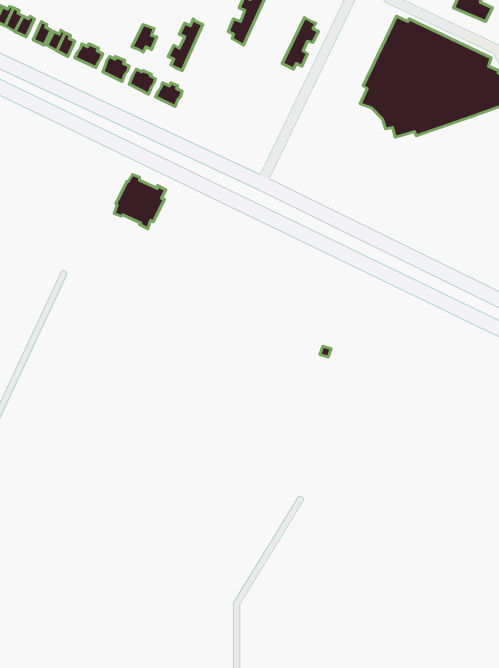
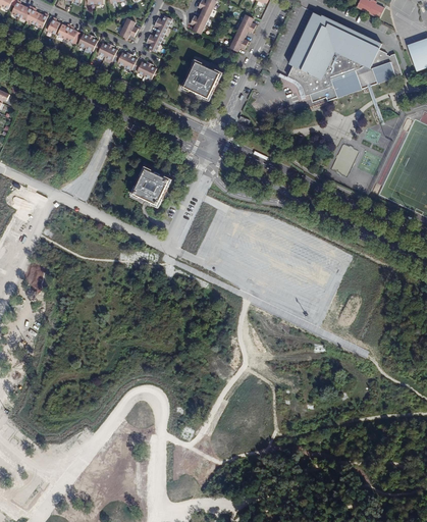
building: none -> [181,58,219,99]
building: [114,175,166,229] -> [135,167,172,207]

